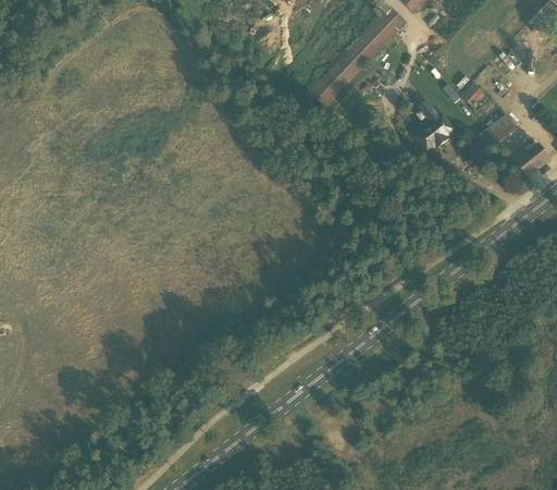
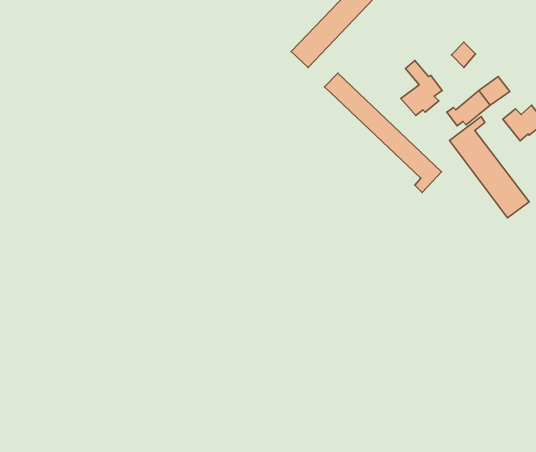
building: none -> [324,73,441,193]
building: none -> [450,117,529,218]

